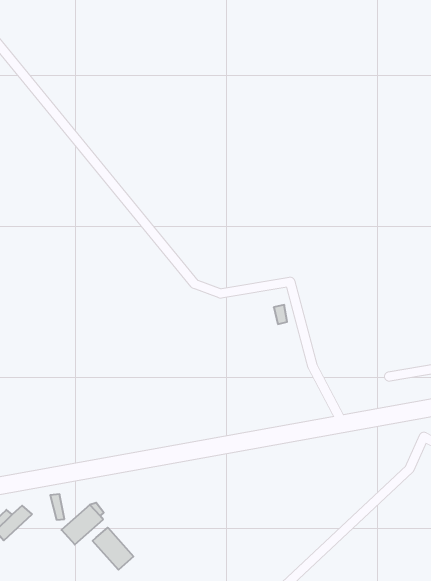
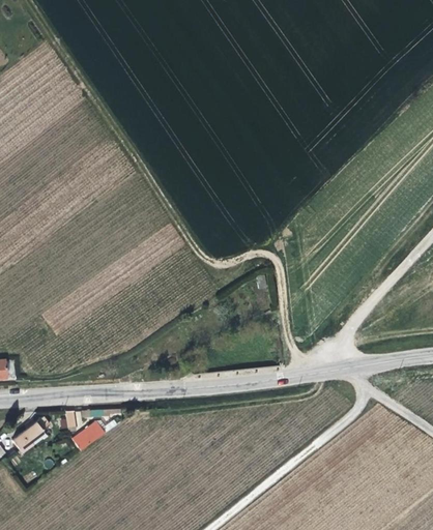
building: [93,528,133,570] -> none

